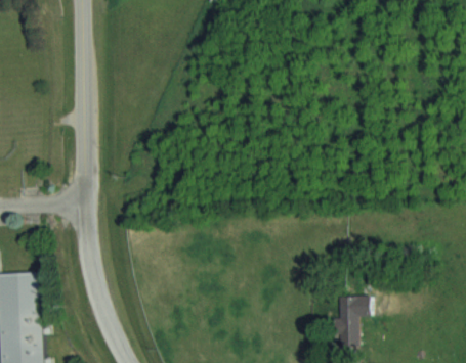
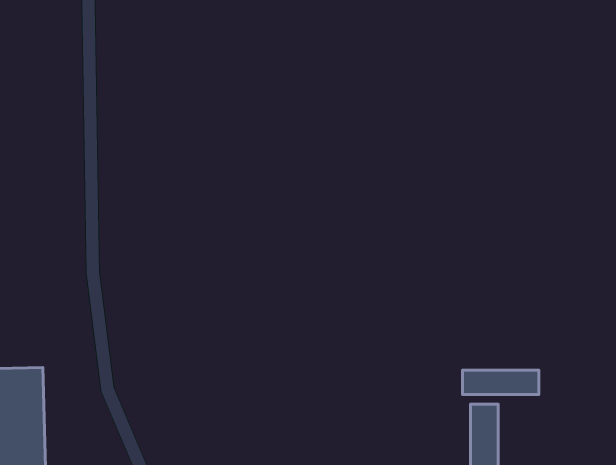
building: none -> [463,370,539,394]

